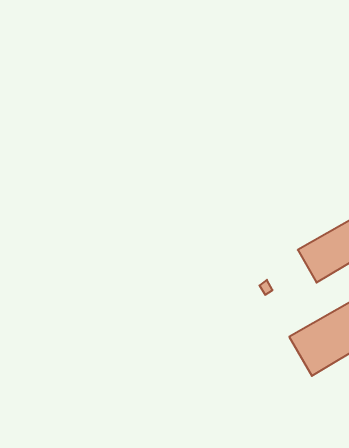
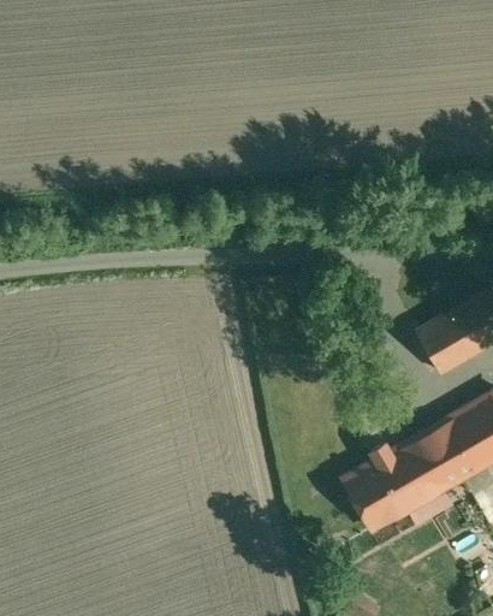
building: none -> [341,445,433,532]

